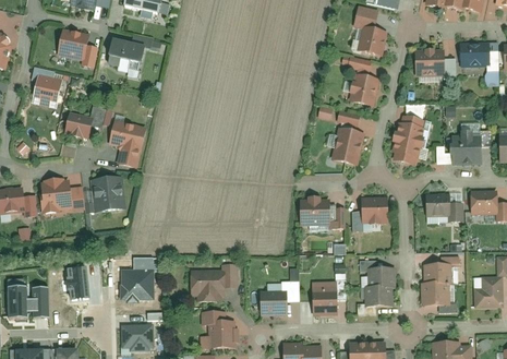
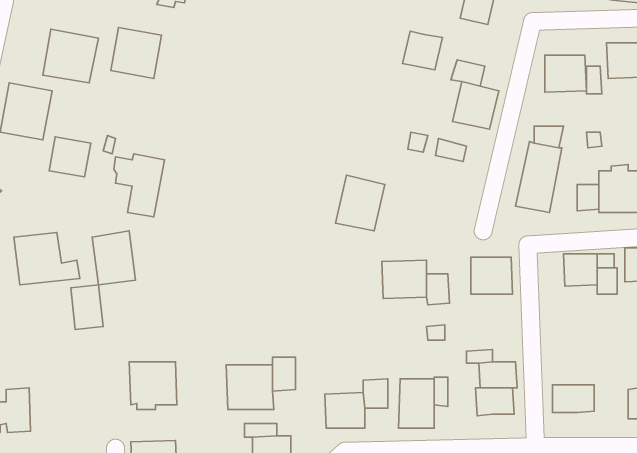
building: [359,27,387,55] -> [403,31,443,70]
building: [329,127,364,166] -> [336,175,385,231]
building: [420,264,450,285] -> none
building: [68,267,90,299] -> [71,285,103,329]

